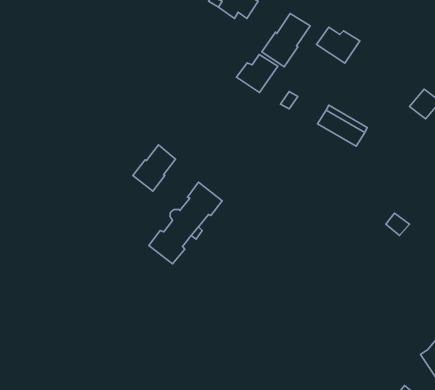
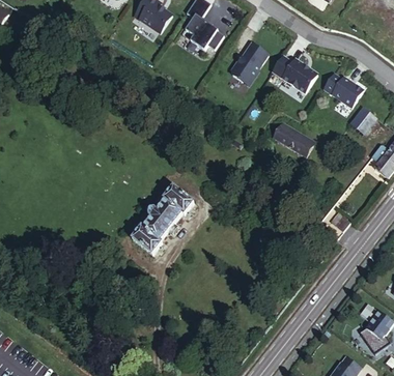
building: none -> [323,71,364,105]
building: [237,54,278,93] -> none
building: [133,145,176,191] -> none

